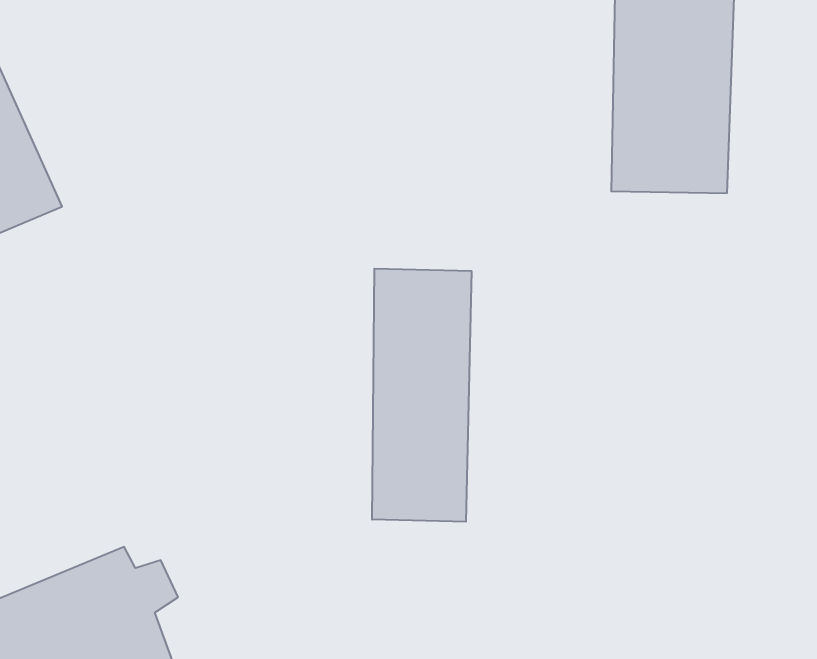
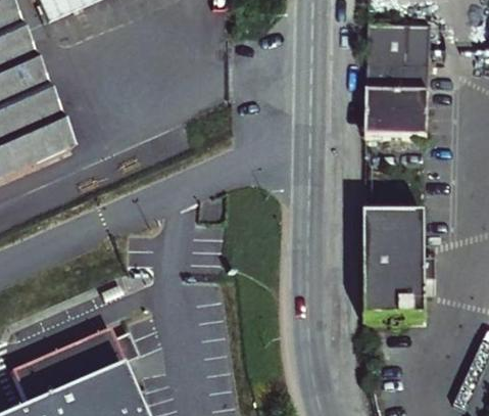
building: [372,269,471,522] -> none
building: none -> [360,219,425,324]

